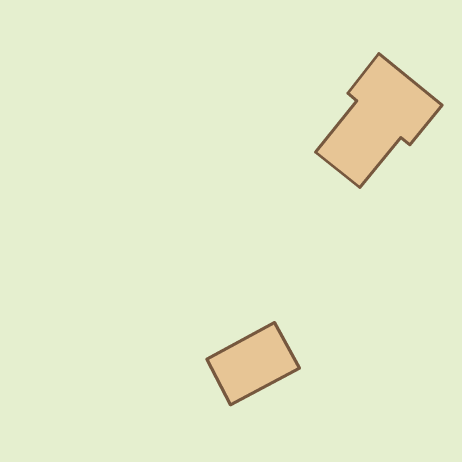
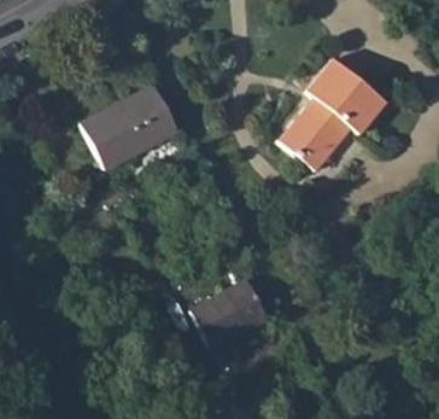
building: none -> [83,83,178,167]

